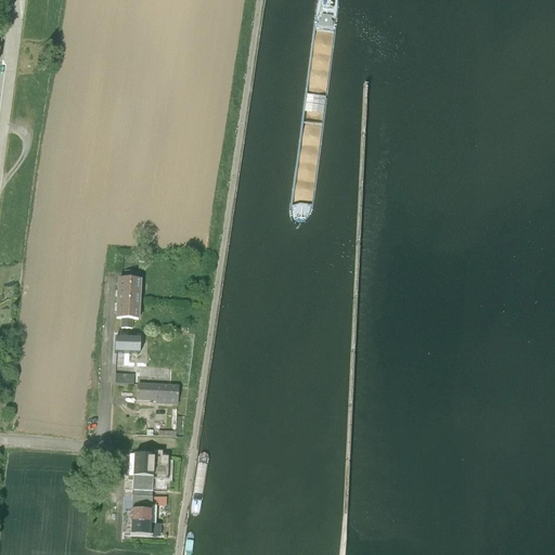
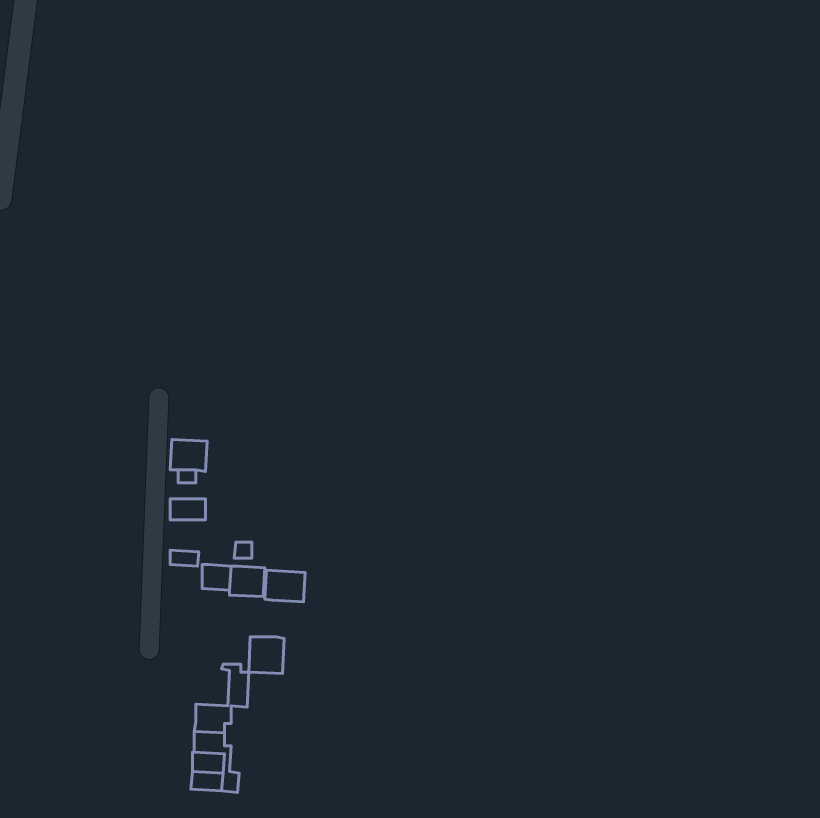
building: [116,276,141,298] -> none
building: none -> [265,570,305,602]
building: [131,452,155,477] -> [249,637,284,674]

